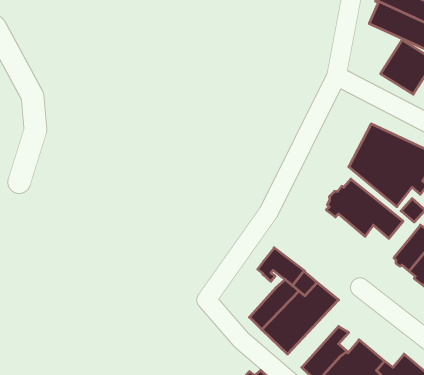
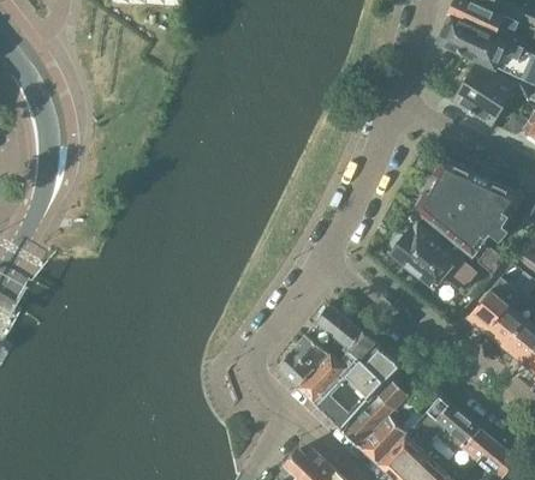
building: none -> [279,330,331,386]
building: none -> [344,364,423,445]
building: none -> [428,397,481,445]

